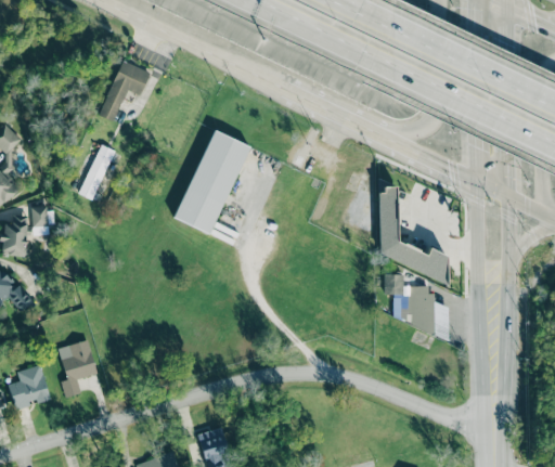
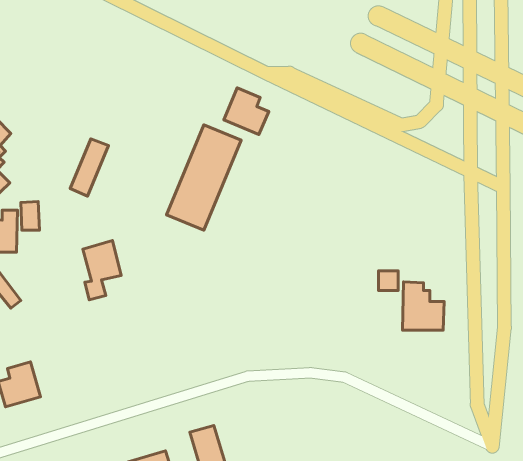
building: [99,60,151,121] -> none
building: none -> [224,88,269,134]
building: [377,178,447,283] -> none
building: [59,339,96,398] -> [83,240,121,300]

